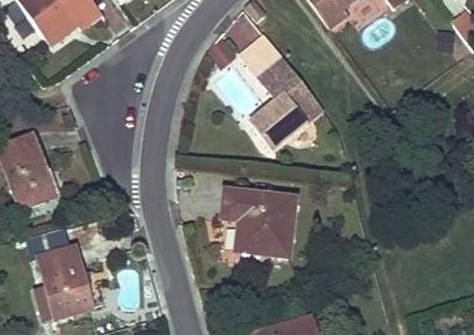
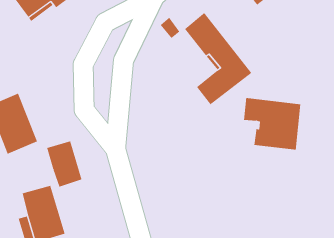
building: [223,191,295,256] -> [243,98,301,150]
building: none -> [46,140,82,187]

